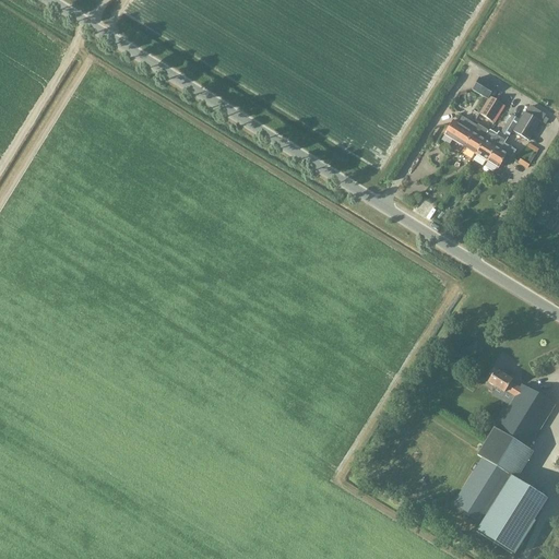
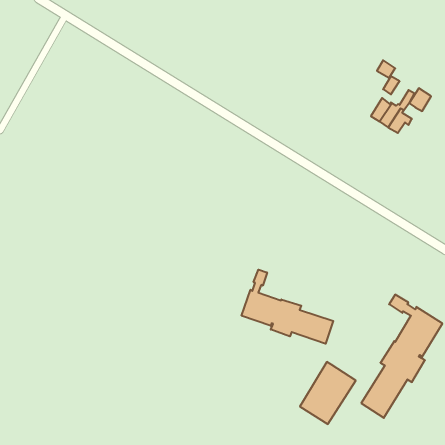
building: [444,115,479,145] -> none
building: none -> [242,270,333,344]
building: [477,474,547,551] -> [300,362,356,424]

